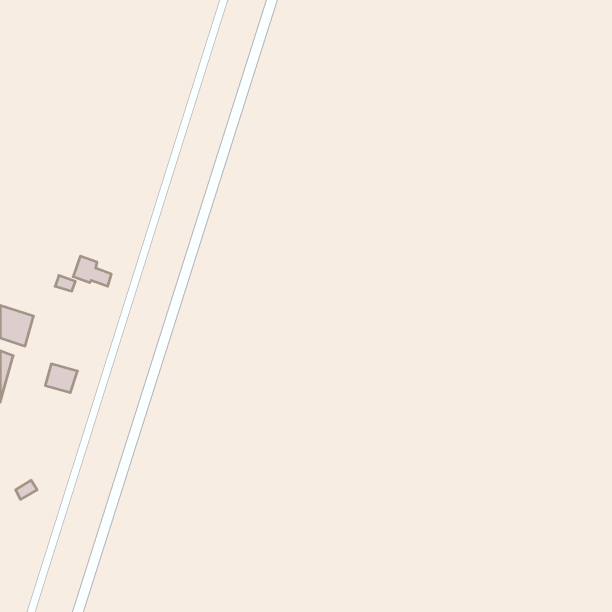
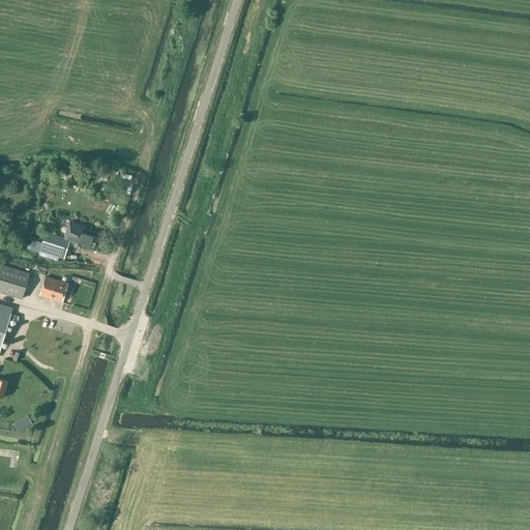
building: [45,364,78,393] -> [39,277,67,302]

